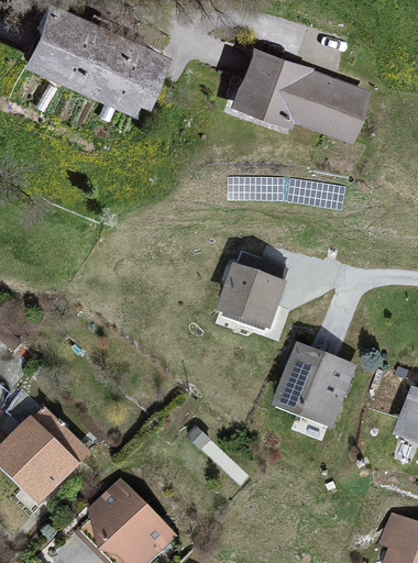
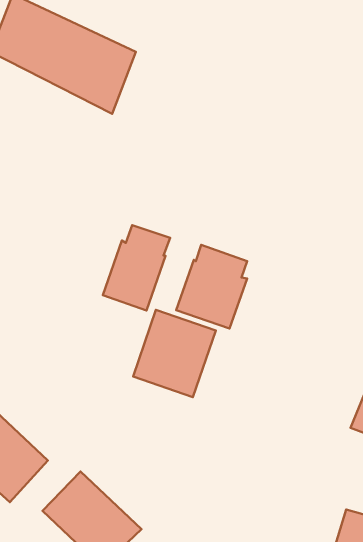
building: [230,42,373,142] -> none
building: none -> [103,225,170,311]
building: [271,344,354,432] -> [133,310,216,397]

